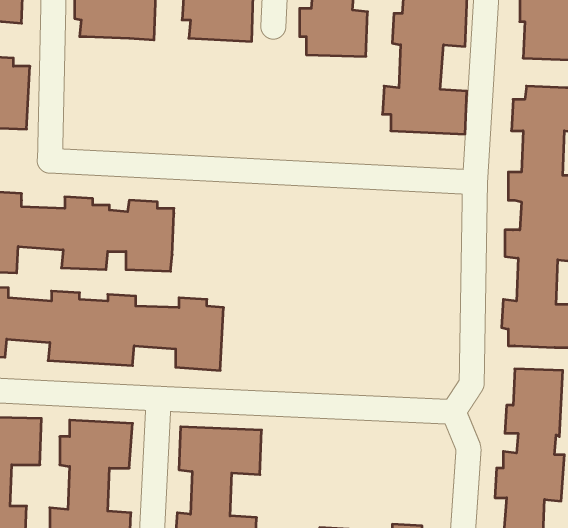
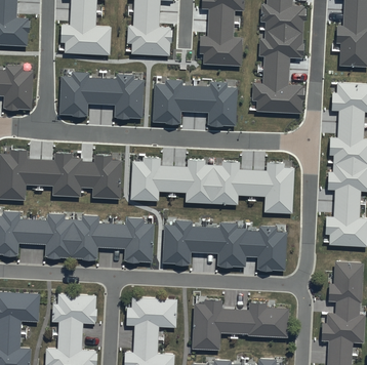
building: none -> [58,72,144,121]
building: none -> [152,80,237,128]
building: none -> [130,157,294,214]
building: none -> [164,221,288,272]
building: none -> [191,296,288,348]

